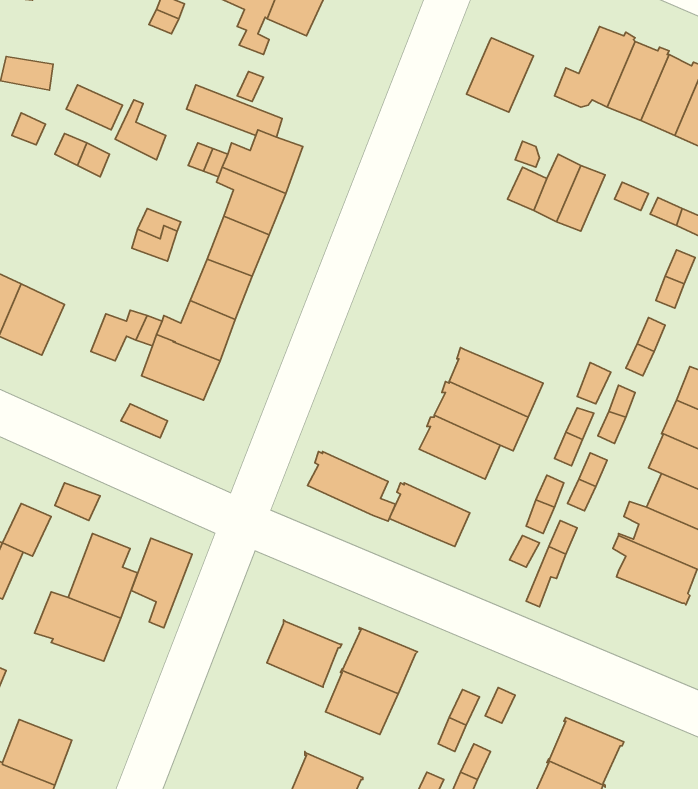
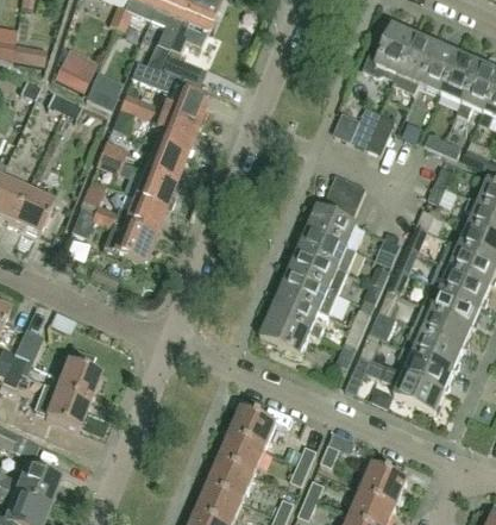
building: [467,38,534,112] -> none
building: none -> [307,174,366,246]
building: [307,452,396,521] -> [269,292,325,336]
building: [131,538,192,628] -> none
building: none -> [382,362,445,413]
building: [267,620,342,687] -> [207,457,255,500]

